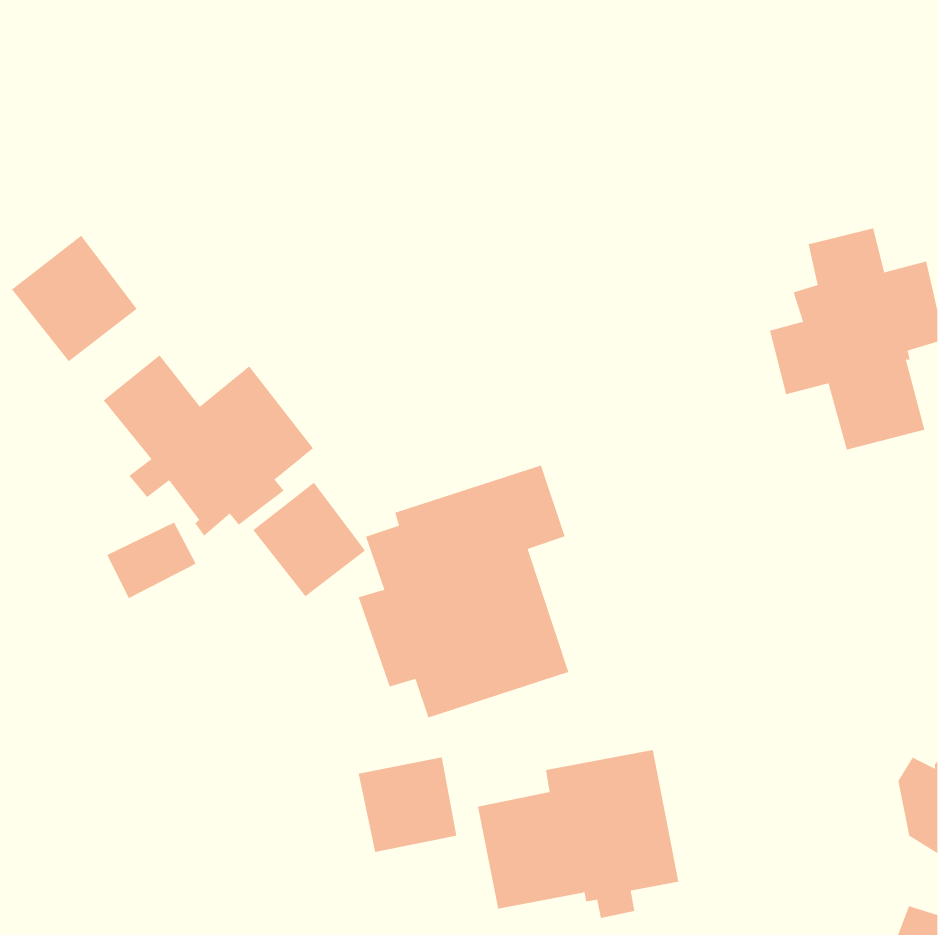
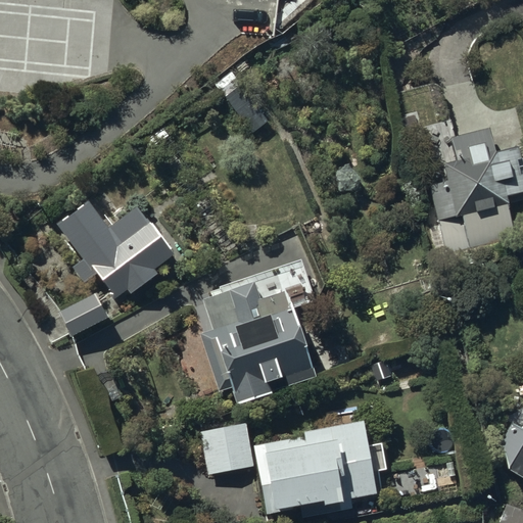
building: [11,235,138,362] -> none
building: [252,482,366,597] -> none

